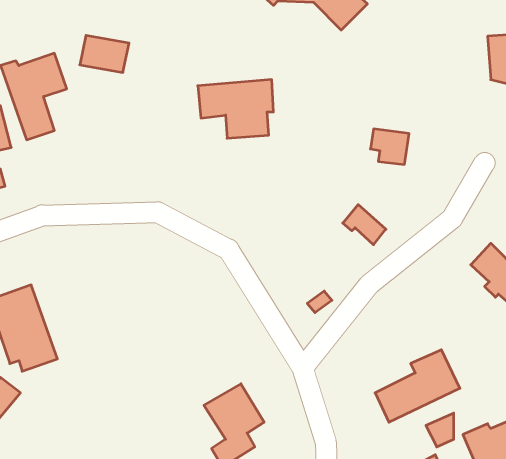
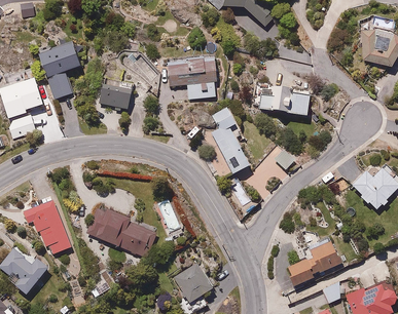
building: [80,35,129,72] -> [97,84,130,109]
building: none -> [257,84,282,111]
building: none -> [211,107,250,174]
building: none -> [88,205,156,259]

